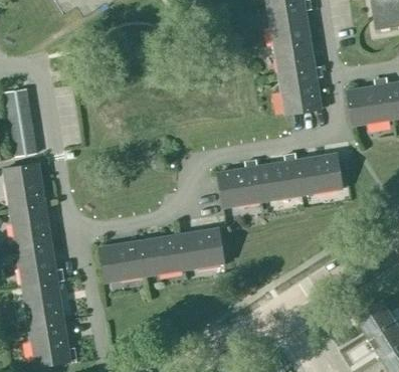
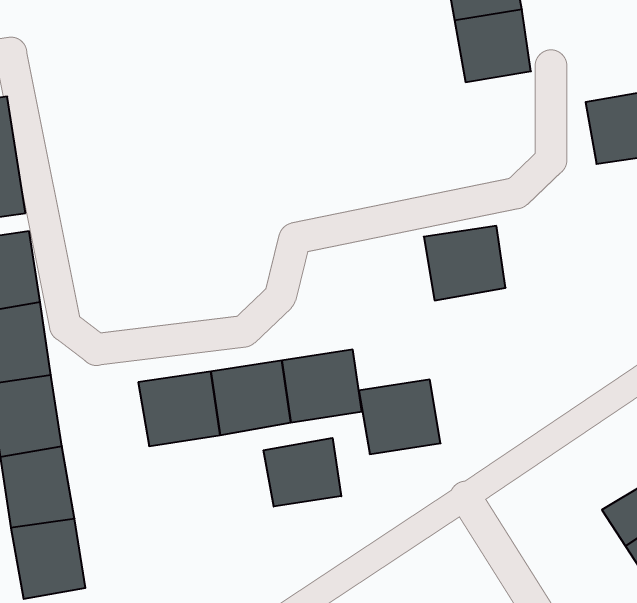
building: [280,74,323,115] -> none
building: [297,154,342,194] -> none
building: [218,166,263,207] -> [359,380,441,454]
building: none -> [264,438,341,507]

